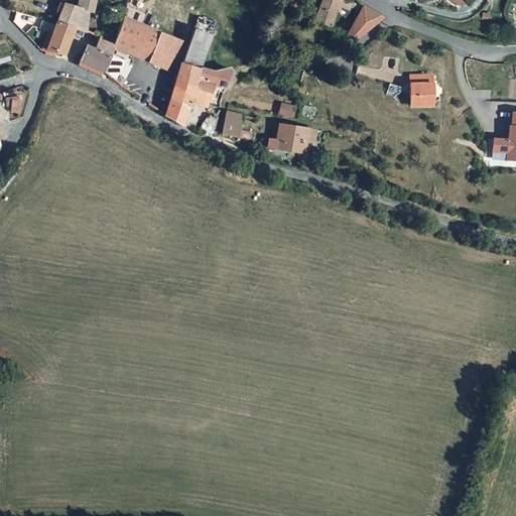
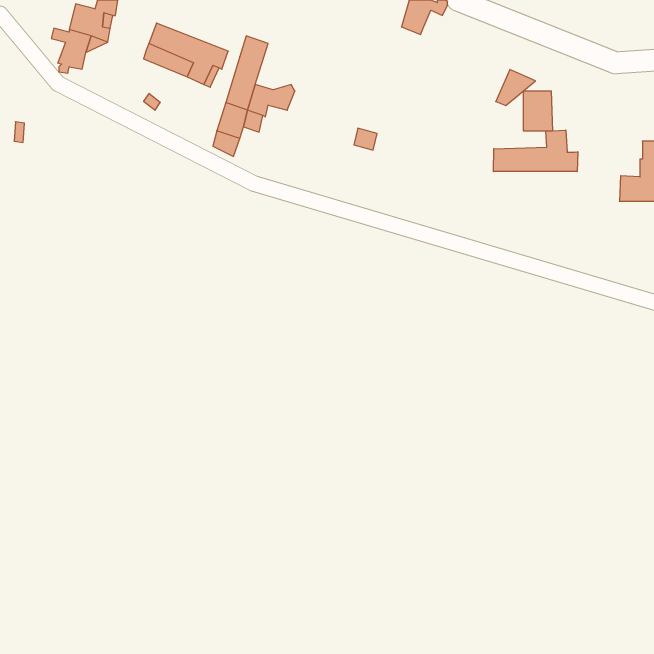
building: [351,11,382,39] -> [496,69,535,105]
building: [80,41,114,72] -> none
building: none -> [493,130,578,172]
building: [223,111,246,137] -> none
building: [274,125,309,152] -> none

